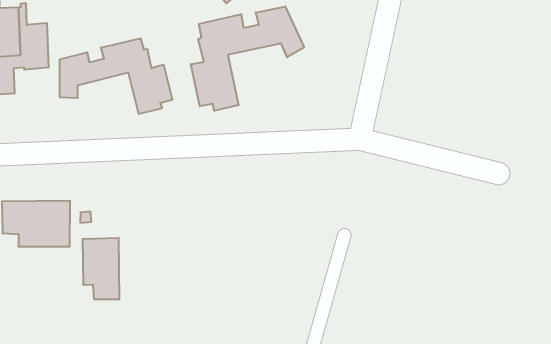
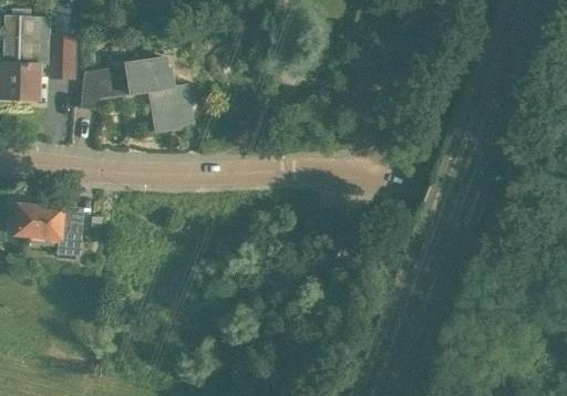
building: [191,6,304,111] -> none
building: [83,238,119,300] -> none

